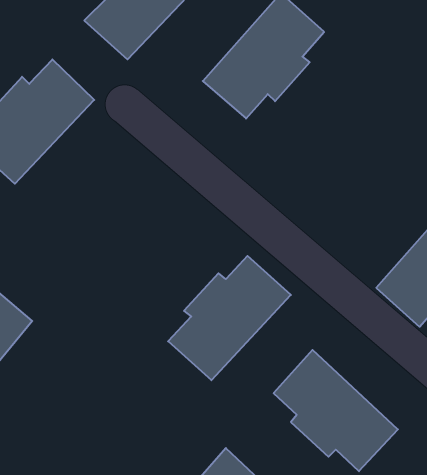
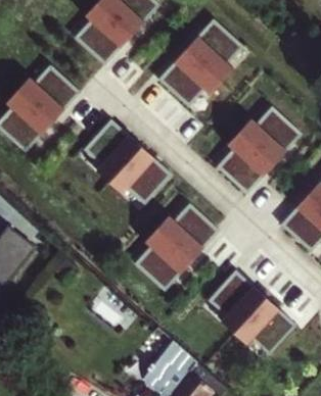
building: none -> [214,106,301,194]
building: none -> [82,118,171,204]

